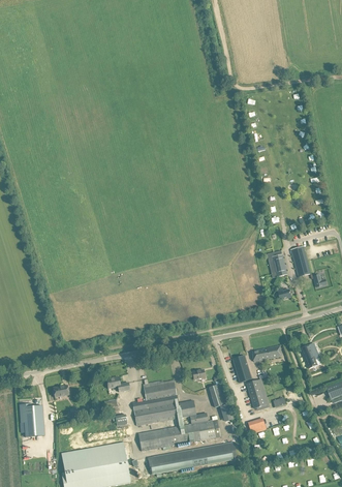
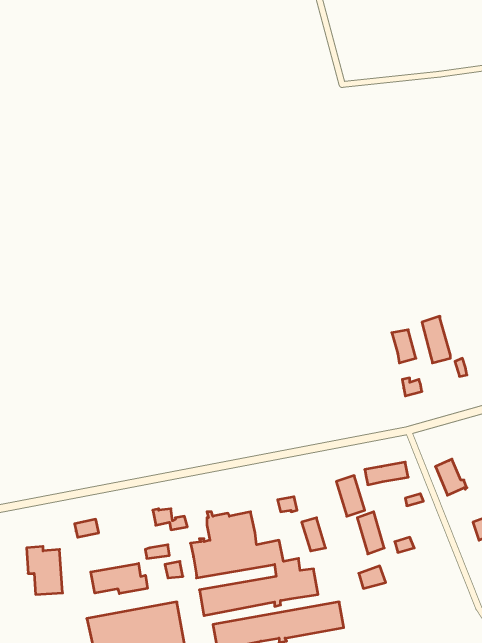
building: none -> [91,563,147,594]

